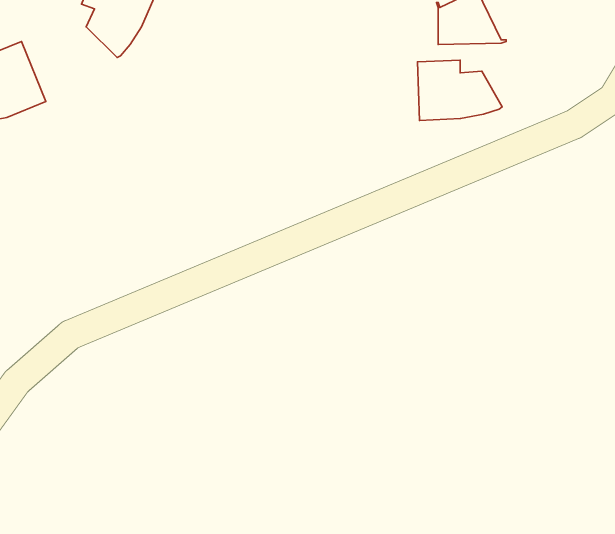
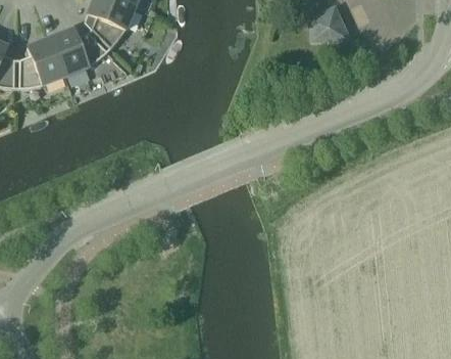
building: none -> [49,29,106,76]
building: [418,60,502,121] -> none

